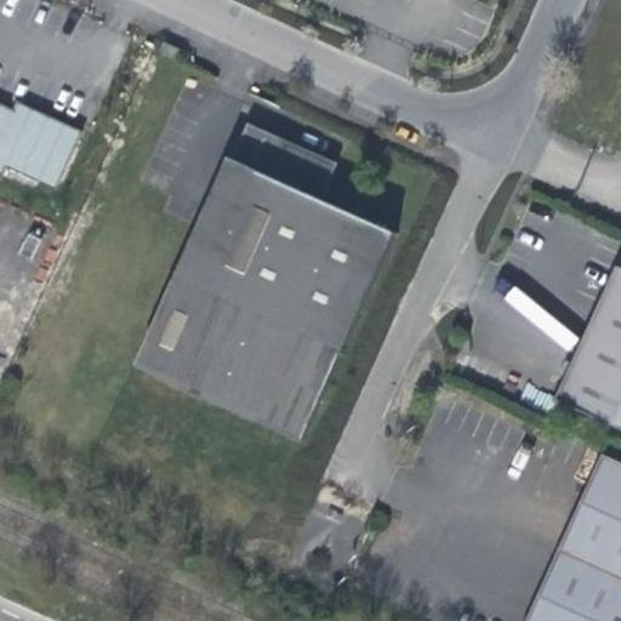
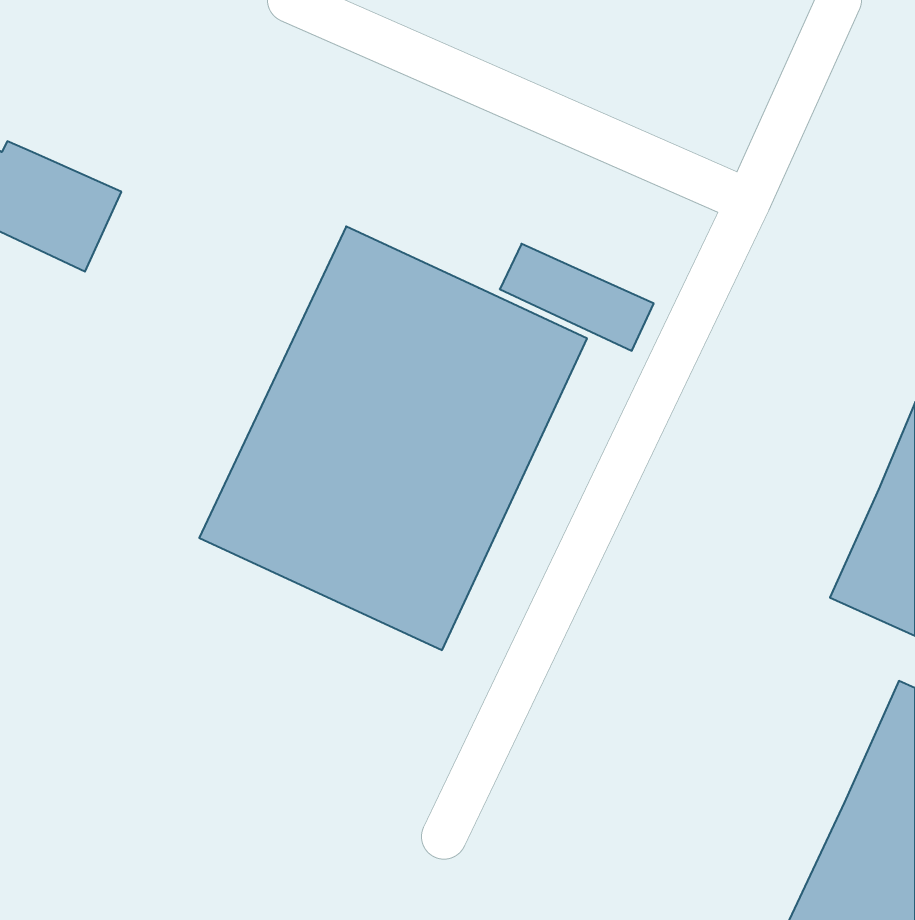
building: [232,125,335,196] -> [500,244,654,351]

